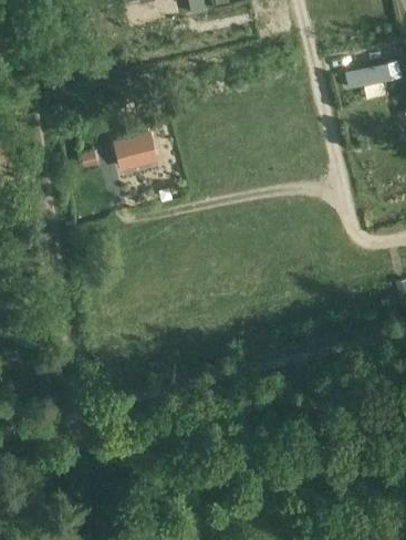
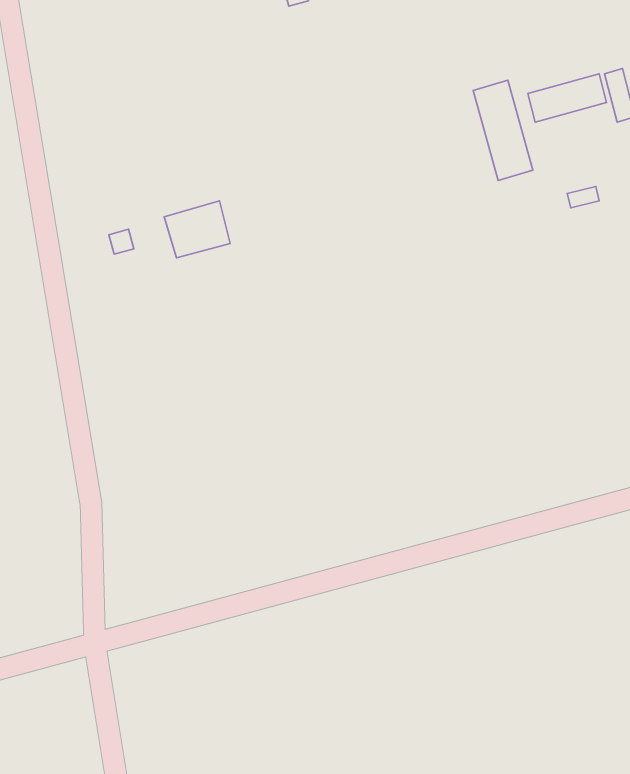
building: none -> [473,80,533,181]

